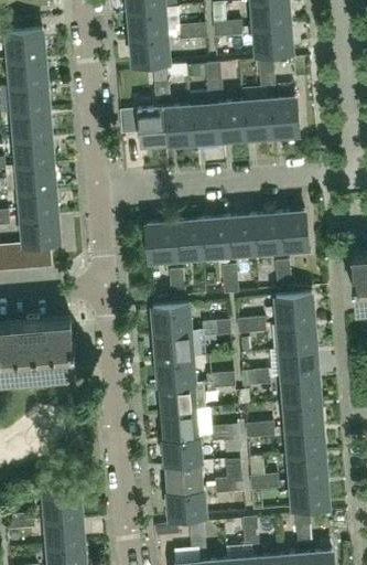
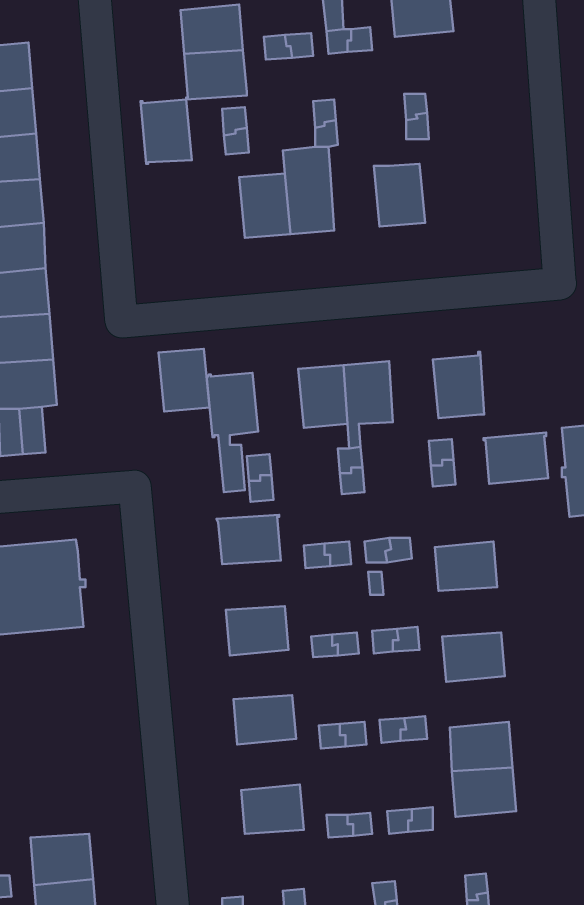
building: [255,23,292,53] -> none
building: [269,97,299,135] -> none
building: [217,102,246,139] -> none
building: [138,108,168,146] -> [140,99,192,164]
building: [251,214,280,250] -> none
building: [172,220,202,256] -> [158,349,210,411]
building: [274,294,312,323] -> [484,433,548,484]
building: [154,331,191,360] -> none
building: [280,347,316,375] -> none
building: [159,383,195,412] -> none
building: [284,398,321,428] -> none
building: [163,435,199,465] -> none
building: [290,477,327,507] -> none
building: [168,488,204,516] -> none

